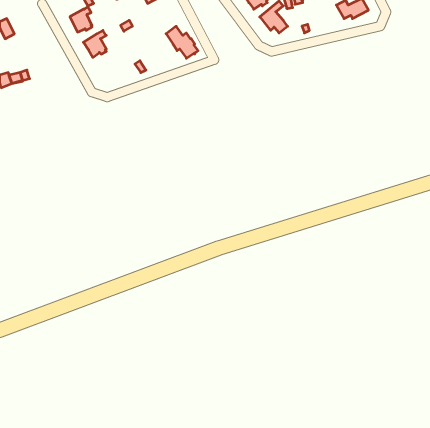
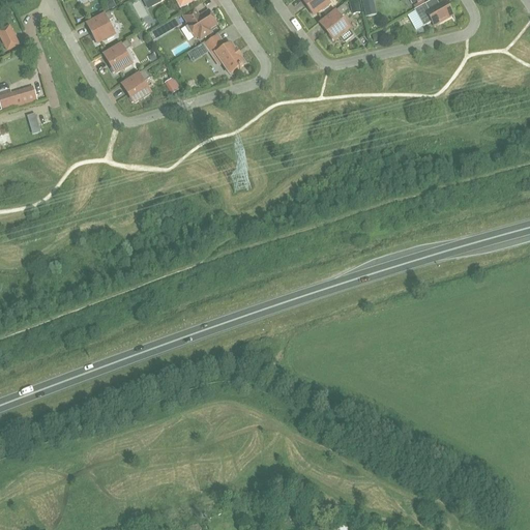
building: none -> [182,6,216,37]
building: none -> [120,66,149,99]

